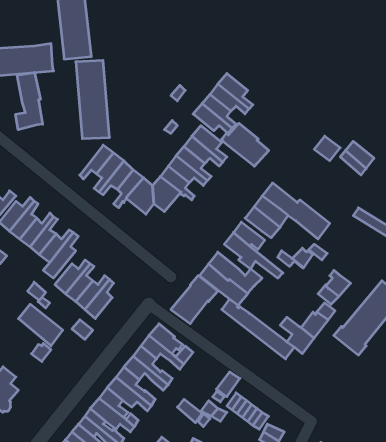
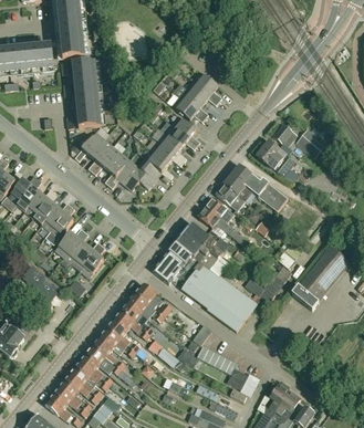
building: [16,72,43,130] -> none
building: [222,123,269,166] -> [256,140,295,177]
building: none -> [184,271,250,331]

